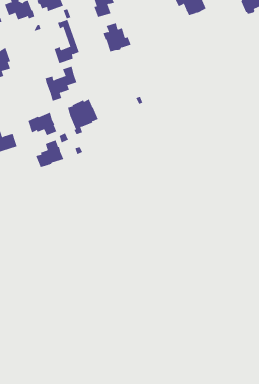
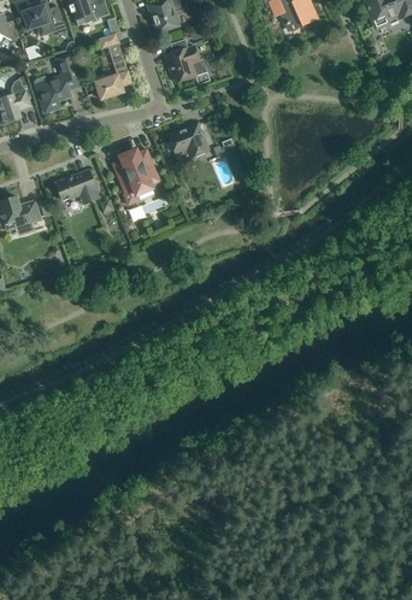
building: [45,66,77,101] -> [34,60,81,112]
building: none -> [167,123,208,164]
building: [35,140,64,168] -> none

